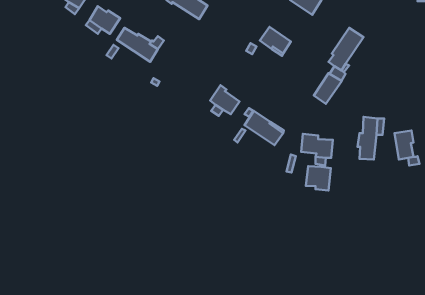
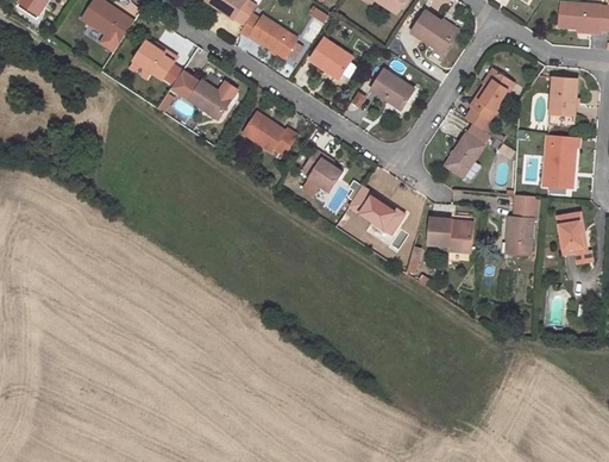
building: none -> [309,38,353,79]
building: none -> [547,77,576,125]
building: none -> [243,113,296,155]
building: none -> [542,135,579,187]
building: [306,166,331,191] -> none

